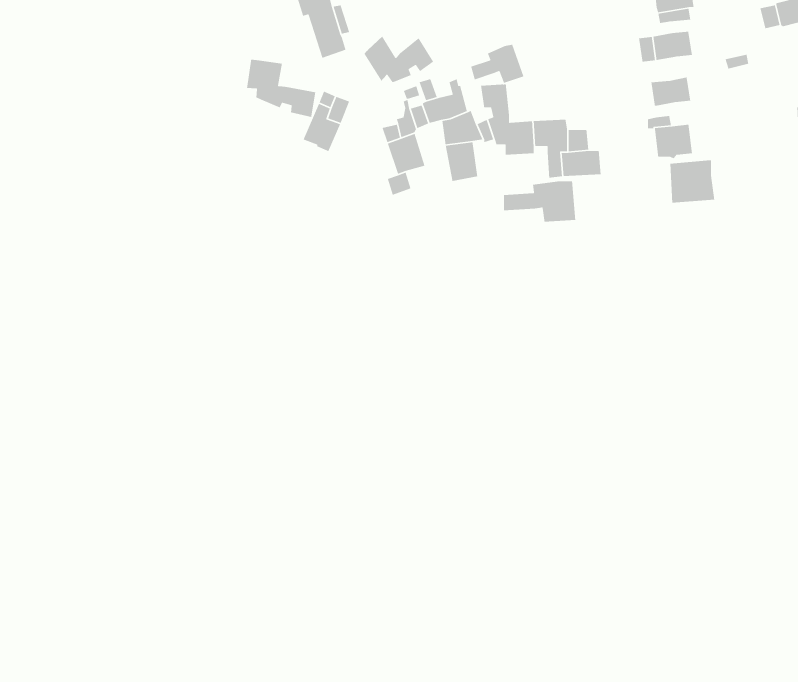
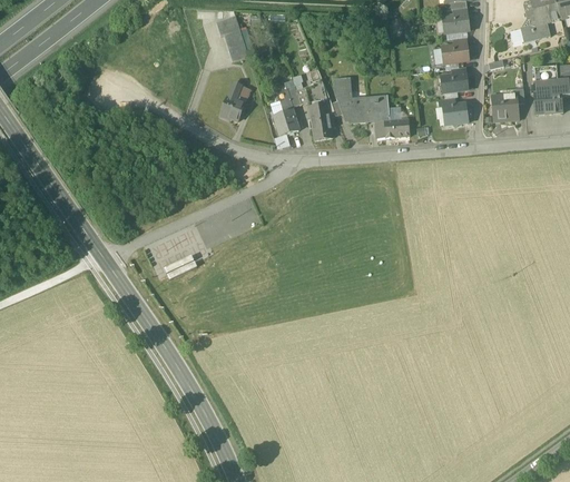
building: [364,36,434,83] -> none
building: [470,44,524,84] -> none
building: [246,59,316,118] -> none
building: [670,160,715,204] -> [491,92,520,120]
building: [503,181,576,223] -> none

